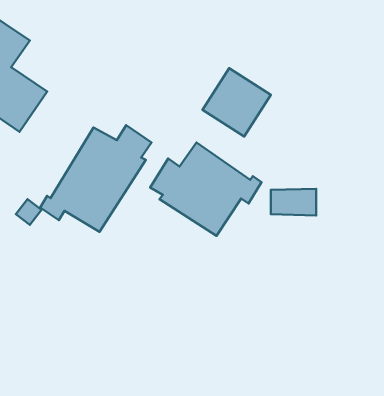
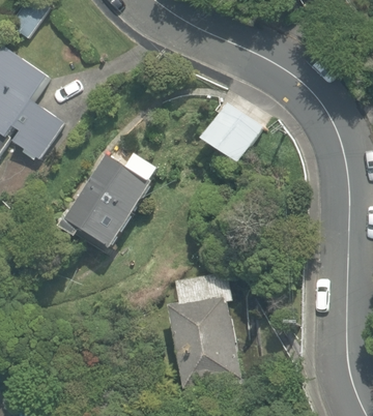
building: [150,143,261,236] -> none
building: none -> [170,279,241,389]

